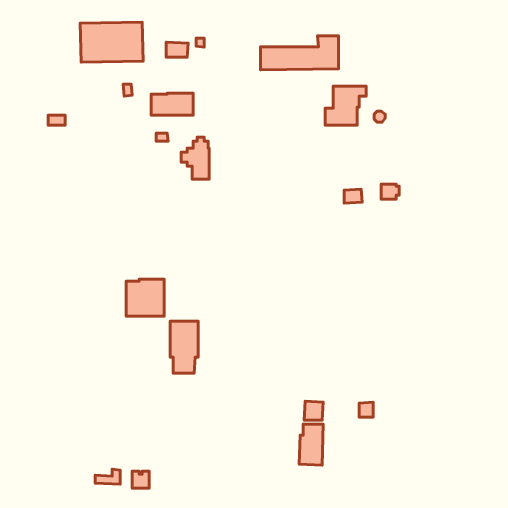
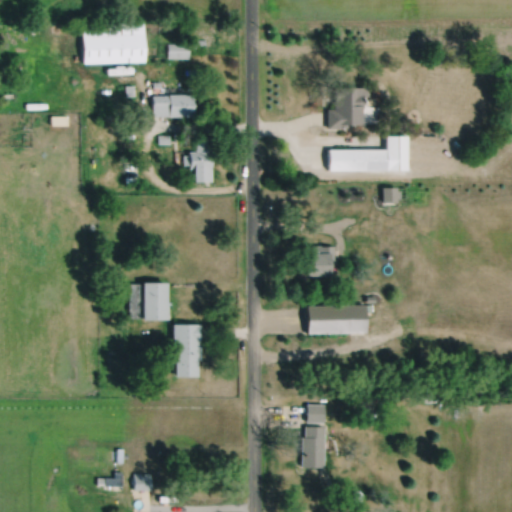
building: [261,36,339,70] -> [329,137,407,171]
building: none -> [307,246,335,275]
building: none -> [307,304,368,334]

